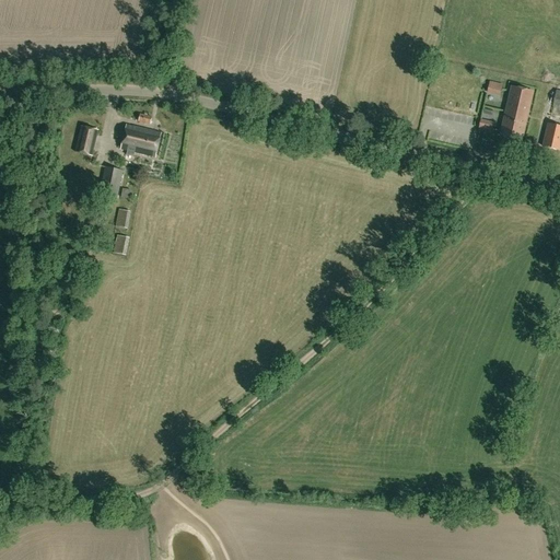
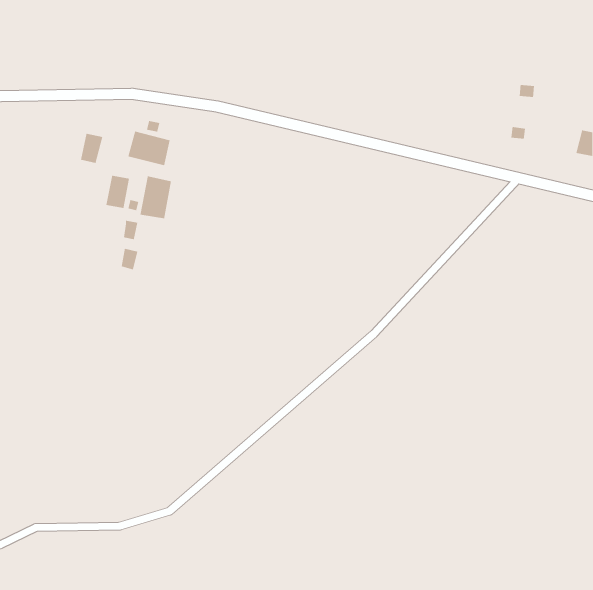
building: [500,85,532,139] -> none
building: none -> [140,176,172,219]

